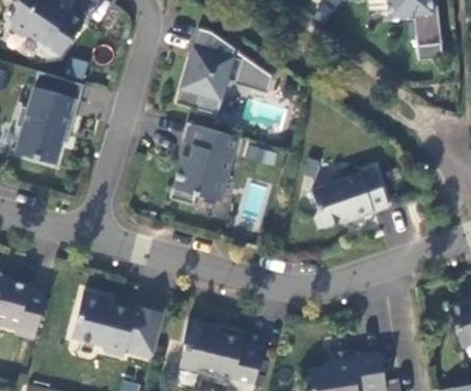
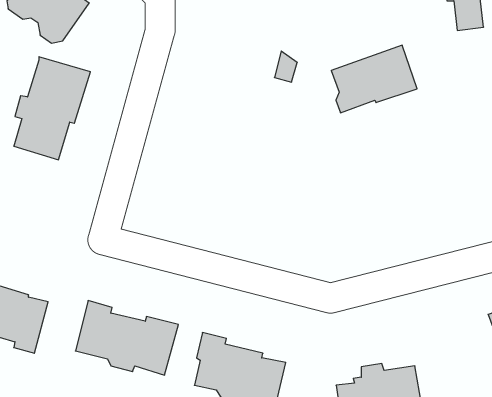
building: [176,28,243,110] -> none
building: [170,123,243,206] -> none
building: [307,167,385,228] -> [331,45,417,113]

